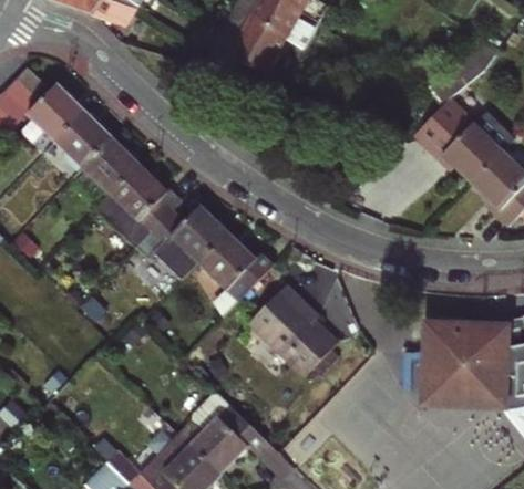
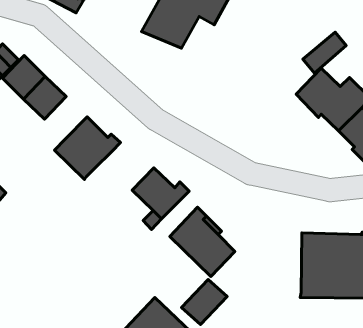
building: [83,138,140,195] -> none
building: [138,205,228,280] -> none
building: none -> [182,280,227,324]

